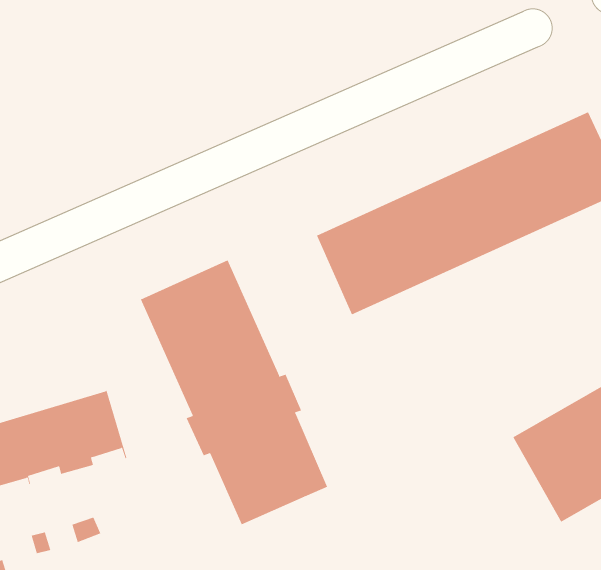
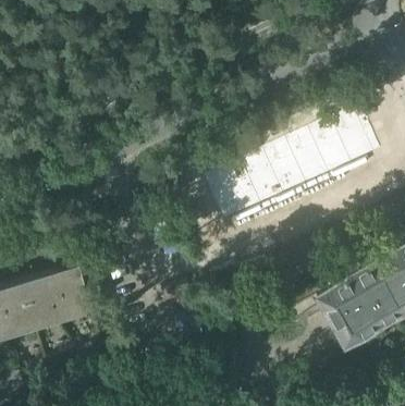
building: [140,259,328,525] -> none

